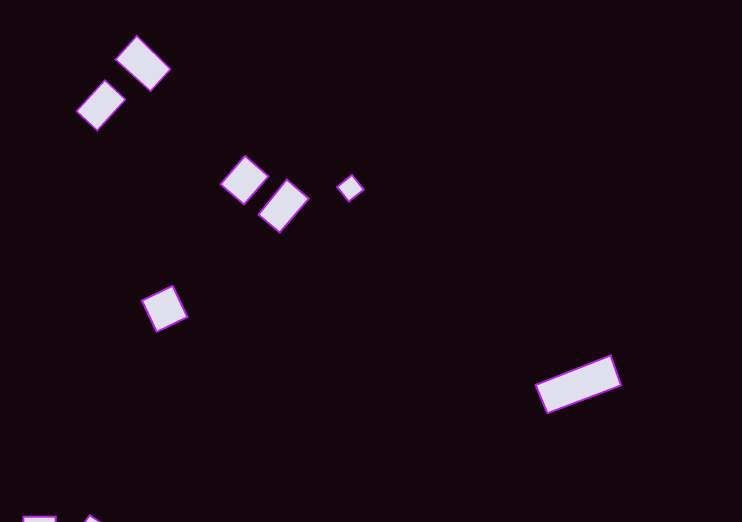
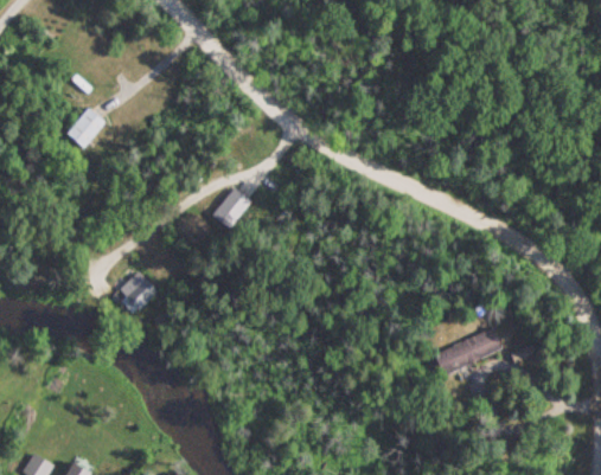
building: [115,36,170,91] -> none
building: [221,156,269,204] -> none

